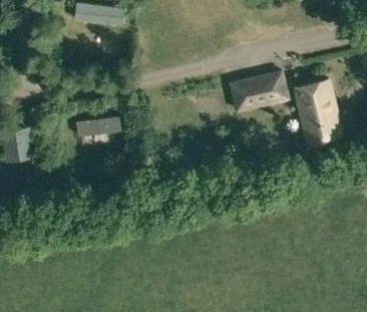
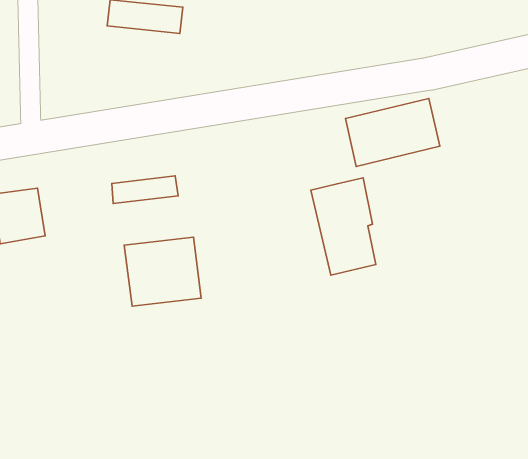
building: [295,79,337,142] -> [311,178,376,275]
building: none -> [124,237,201,306]

